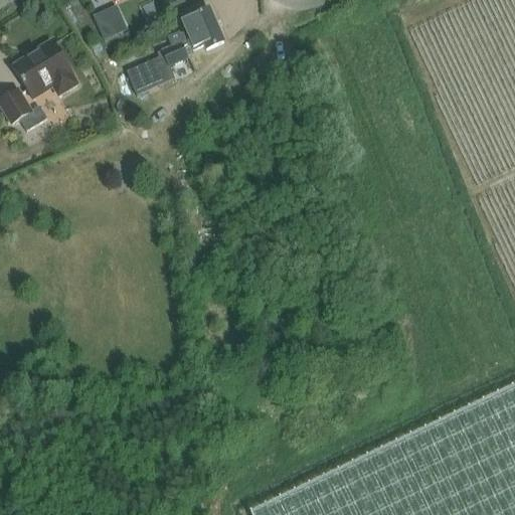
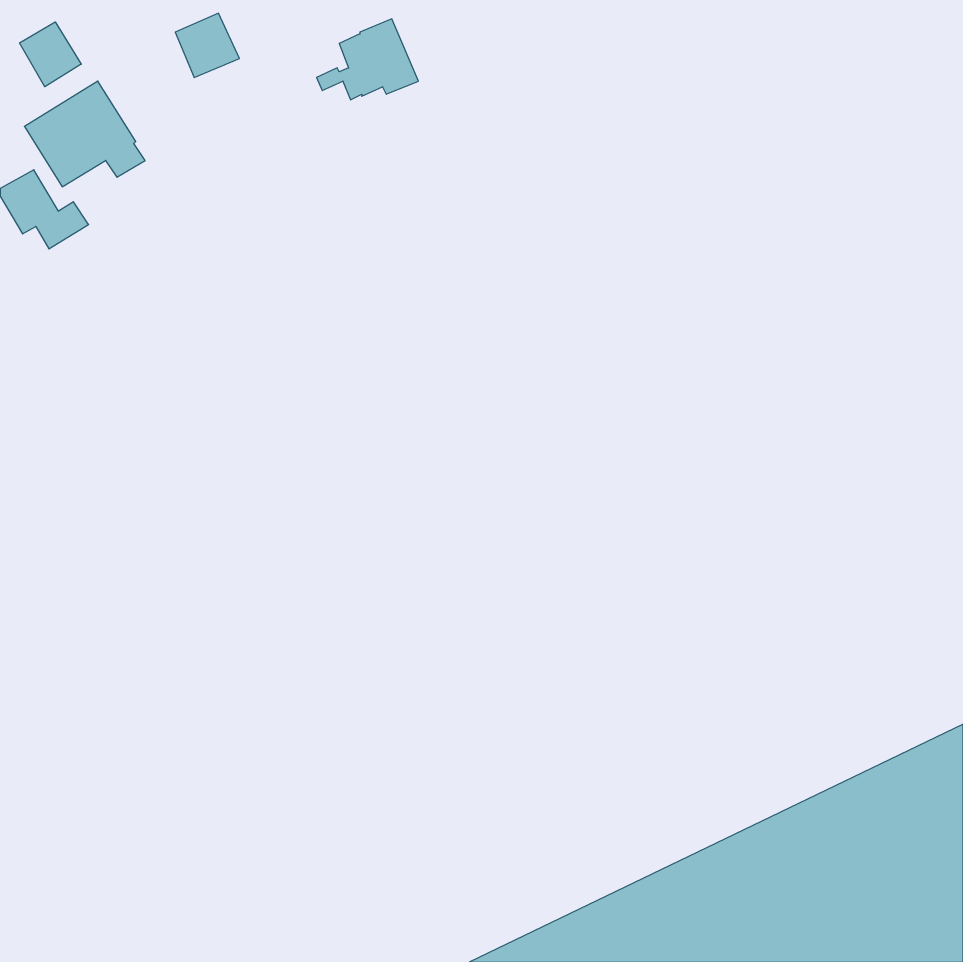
building: none -> [20,22,81,87]
building: [128,43,189,97] -> none

